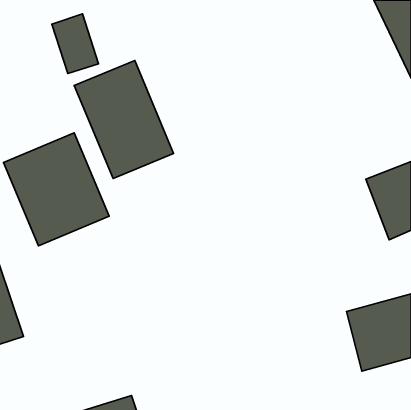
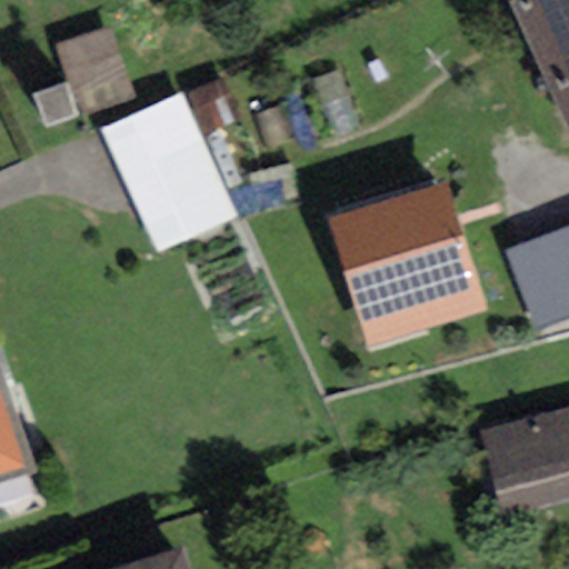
building: none -> [327,178,485,349]
building: [4,133,109,246] -> none

